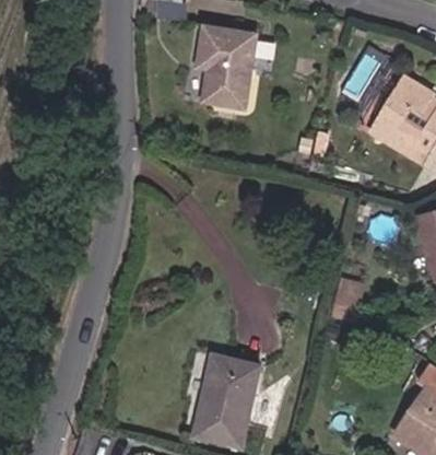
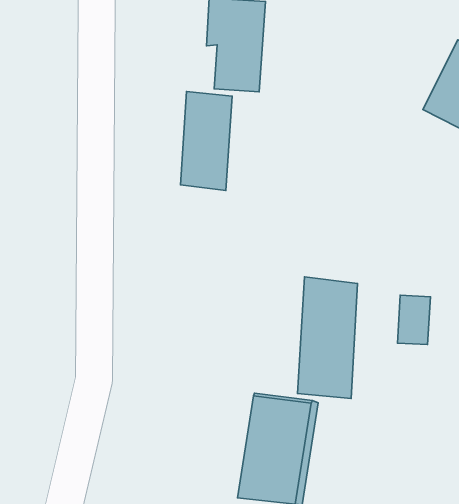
building: none -> [181,92,232,190]
building: none -> [298,277,358,399]

